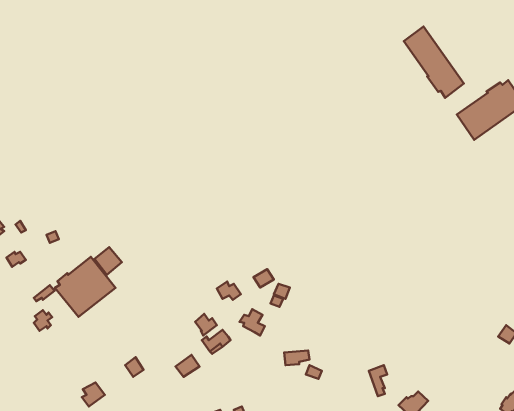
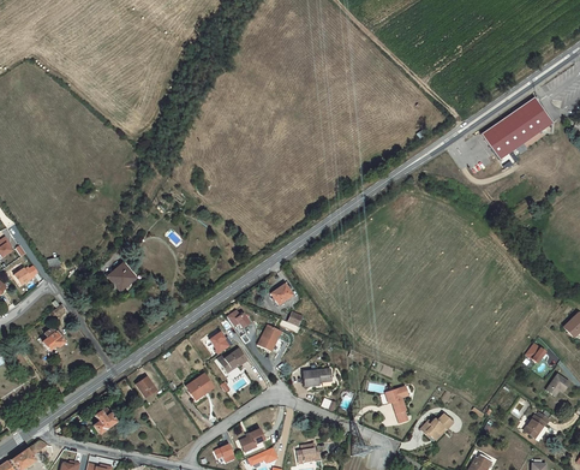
building: [404,26,464,98] -> none
building: [55,257,116,317] -> none

